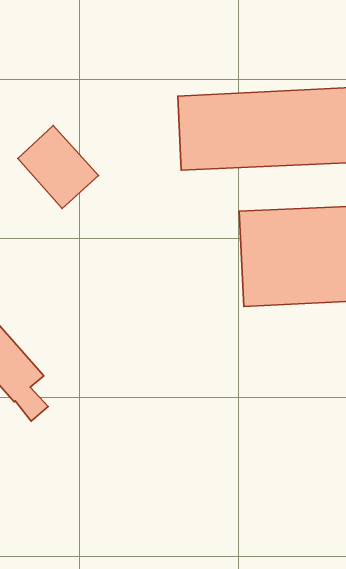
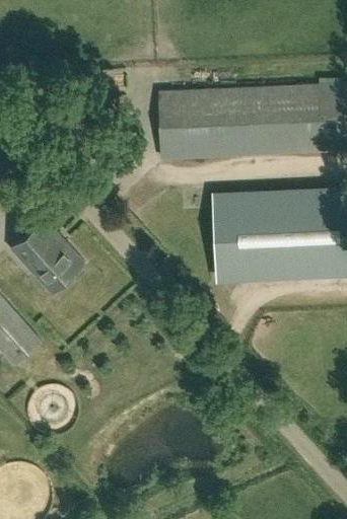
building: [18,126,99,208] -> [11,220,83,294]

